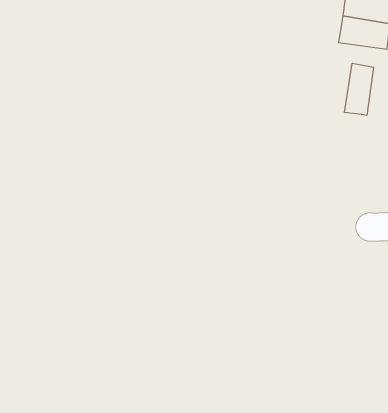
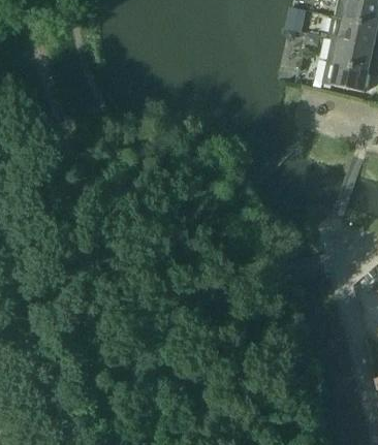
building: [344,63,373,115] -> none

